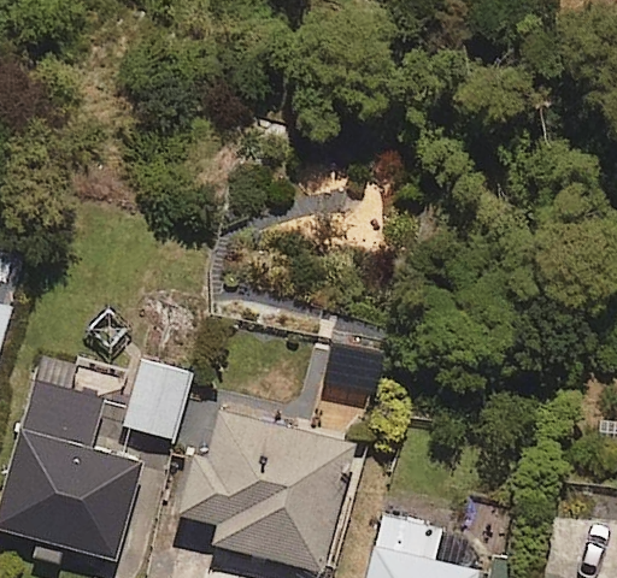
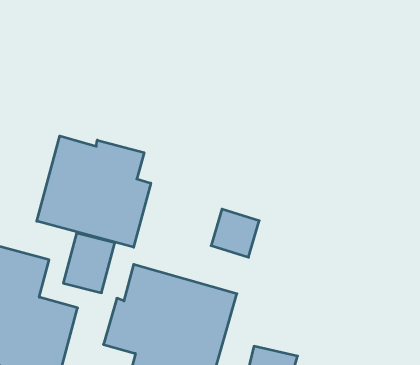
building: none -> [37,136,151,247]

